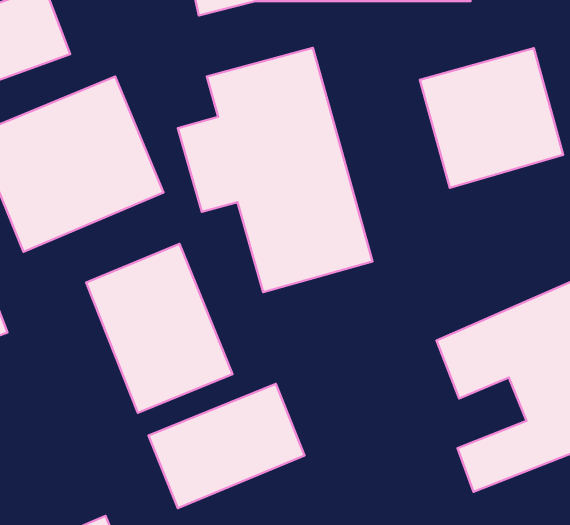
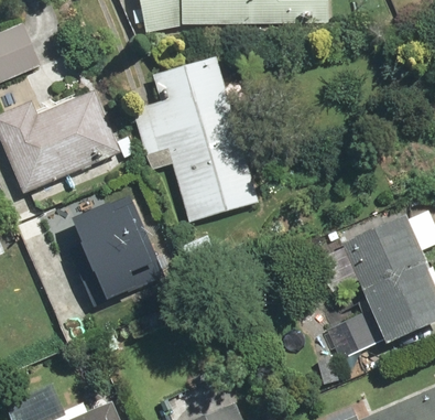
building: [420,48,563,188] -> none
building: [148,384,304,508] -> none

